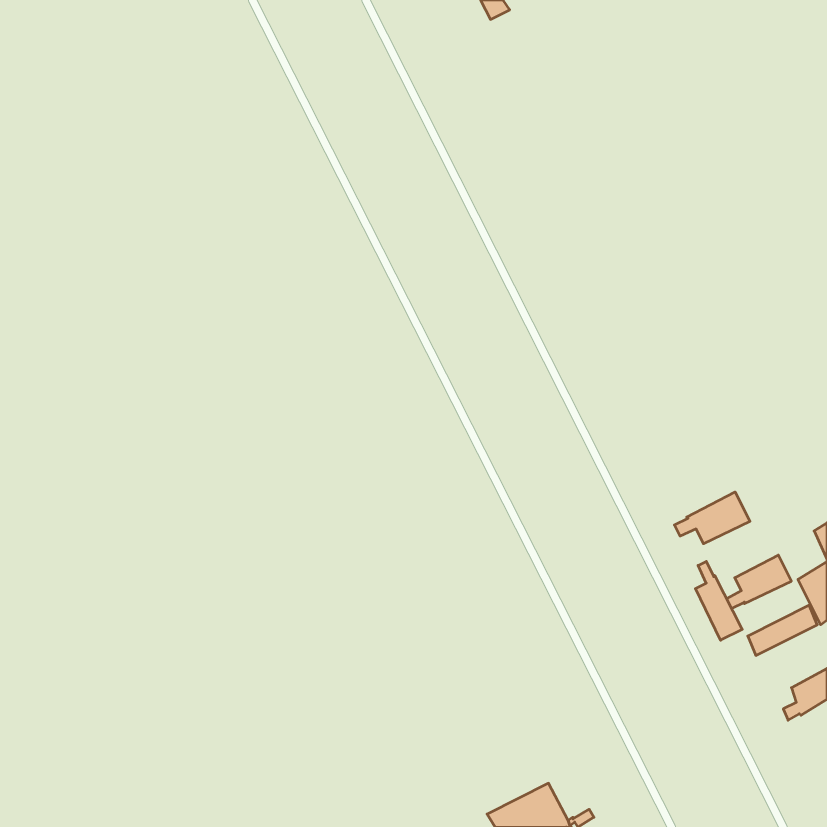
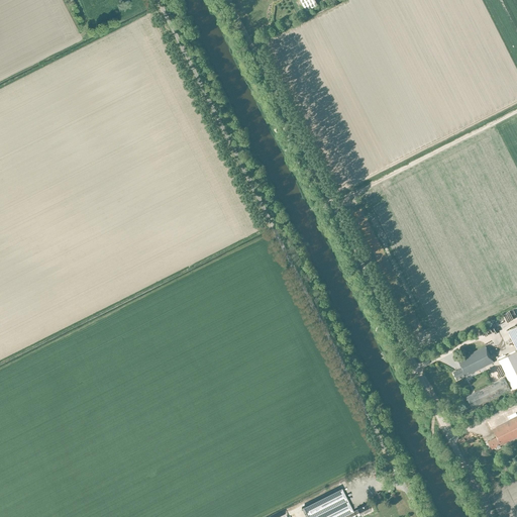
building: [674,492,750,544] -> none
building: [695,561,742,640] -> none

